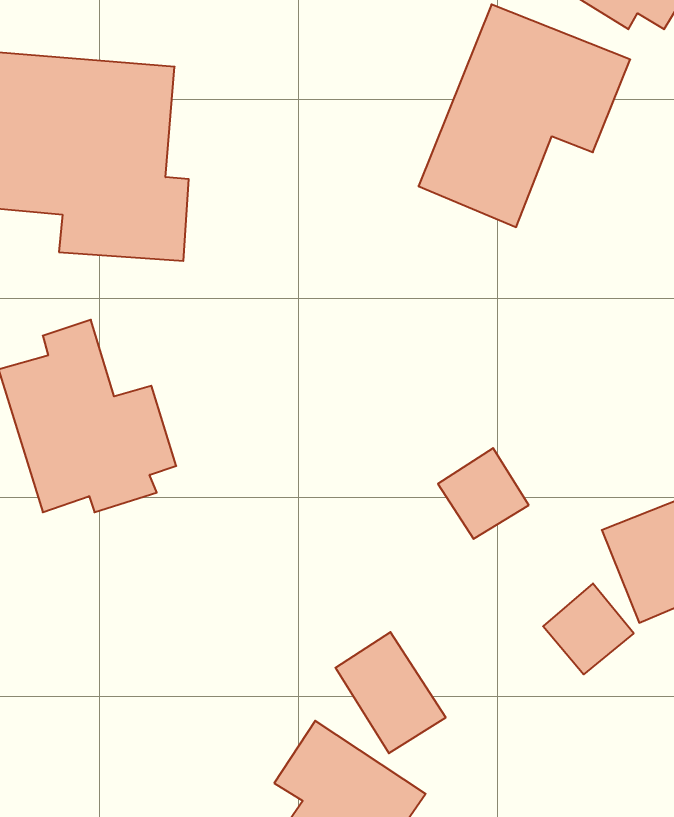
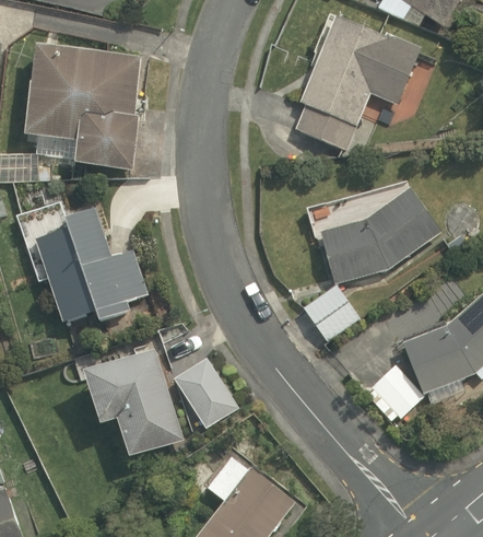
building: none -> [320,188,438,282]
building: none -> [76,348,182,458]
building: [335,632,446,753] -> [172,354,239,429]

